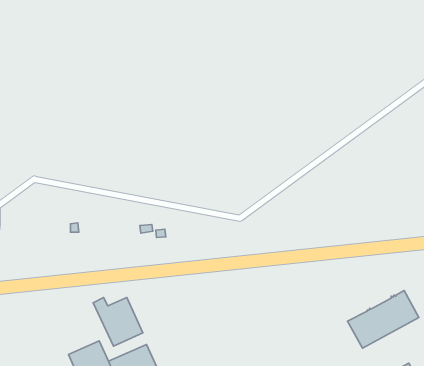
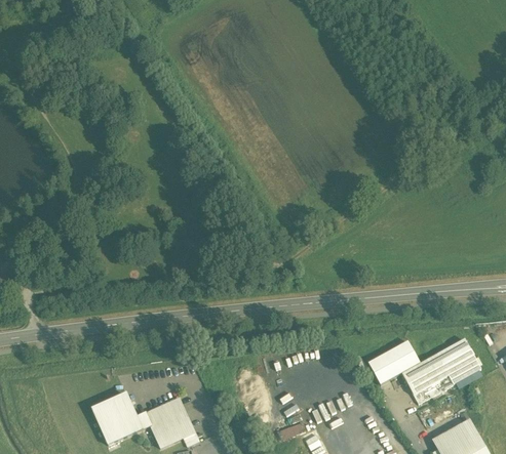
building: none -> [367,339,420,384]
building: [93,298,143,346] -> none

